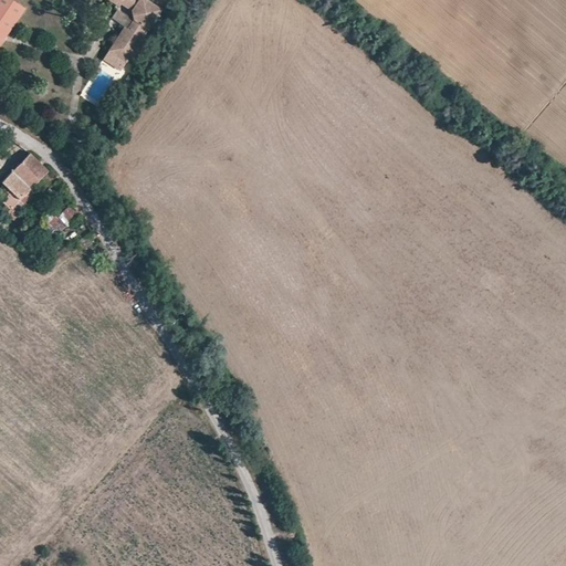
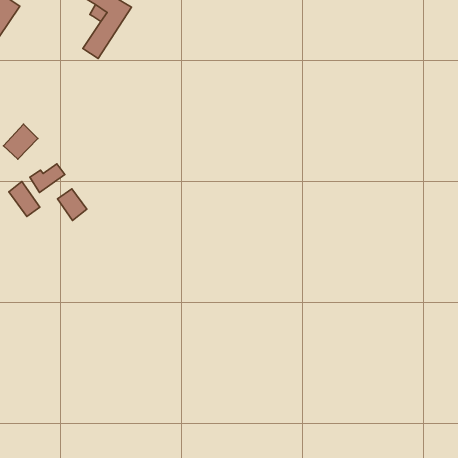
building: none -> [9,182,40,216]
building: none -> [57,189,87,220]

